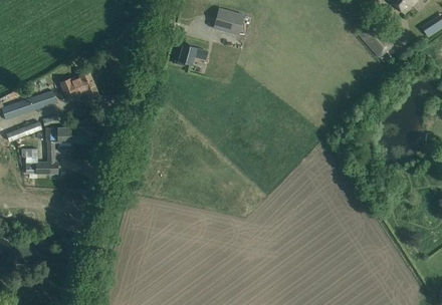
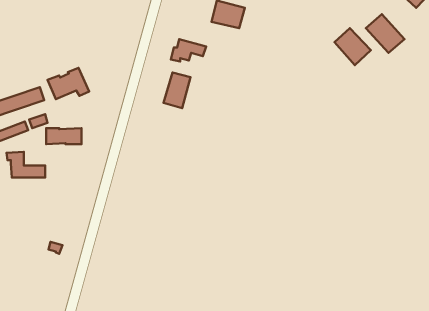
building: none -> [335,28,371,65]
building: none -> [164,72,190,108]

